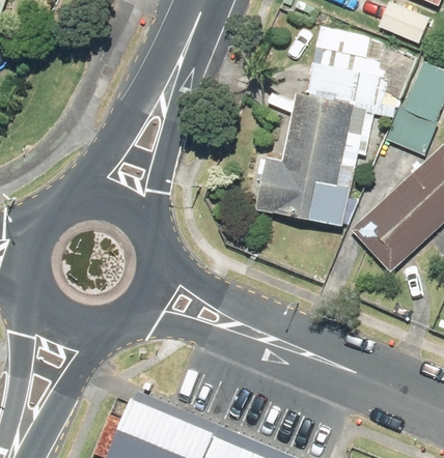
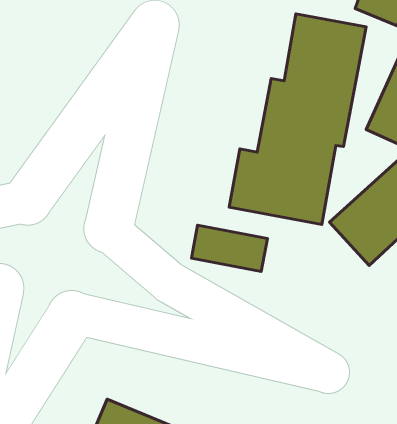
building: none -> [191,225,267,271]

